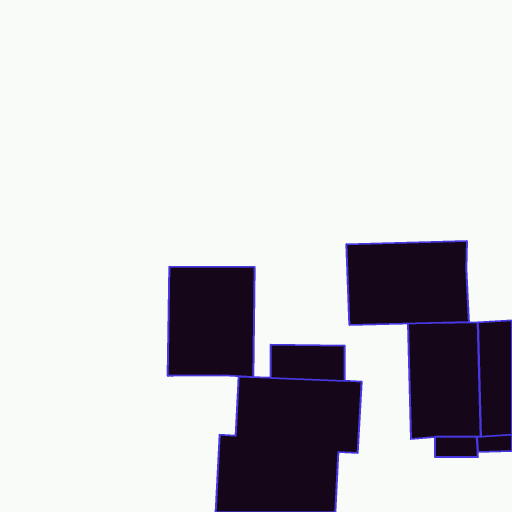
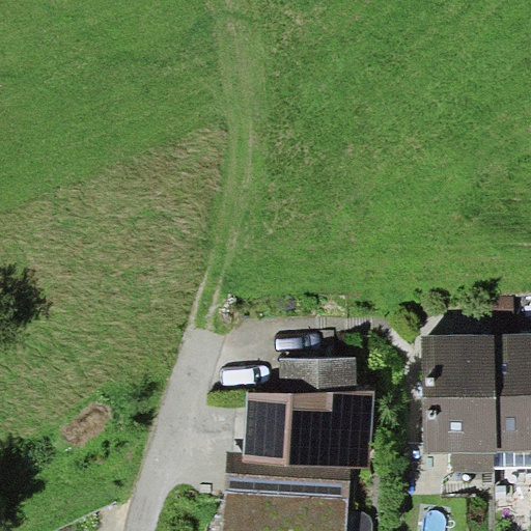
building: [347,241,469,325] -> none
building: [168,267,255,377] -> none

